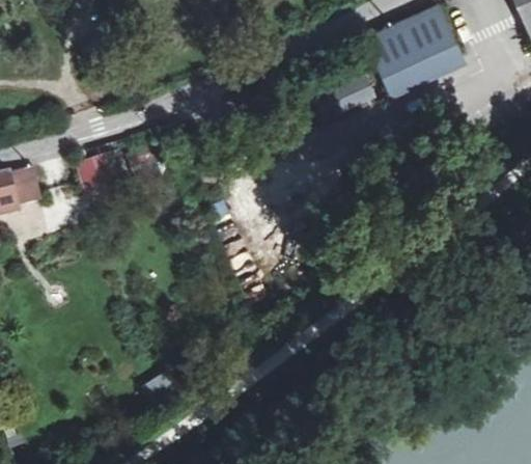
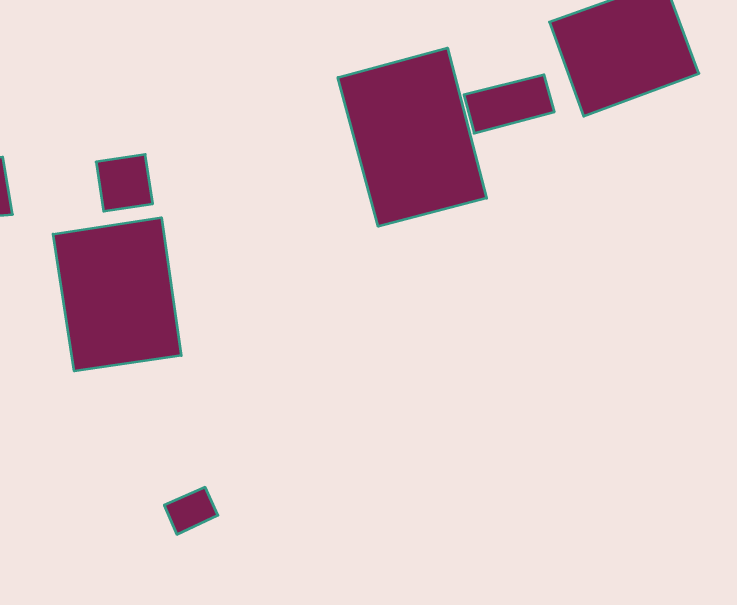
building: none -> [338,48,487,226]
building: none -> [53,218,181,371]

